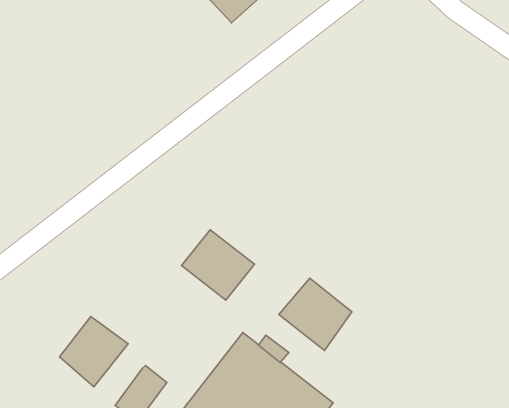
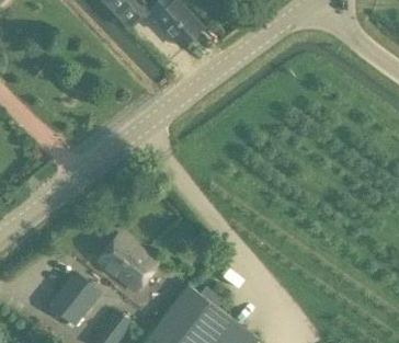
building: [181,230,254,300] -> [99,235,155,288]
building: [279,278,352,350] -> none

